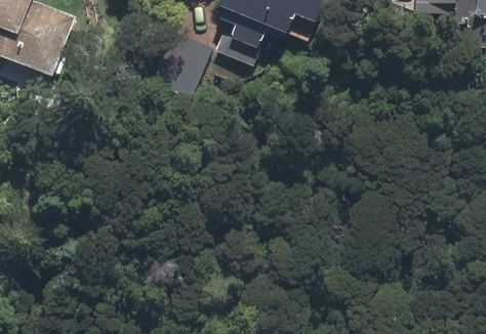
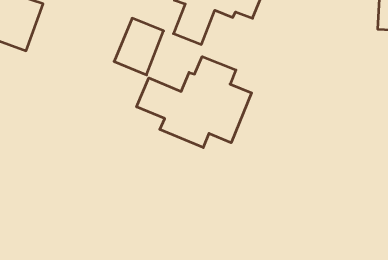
building: none -> [137,57,252,148]

